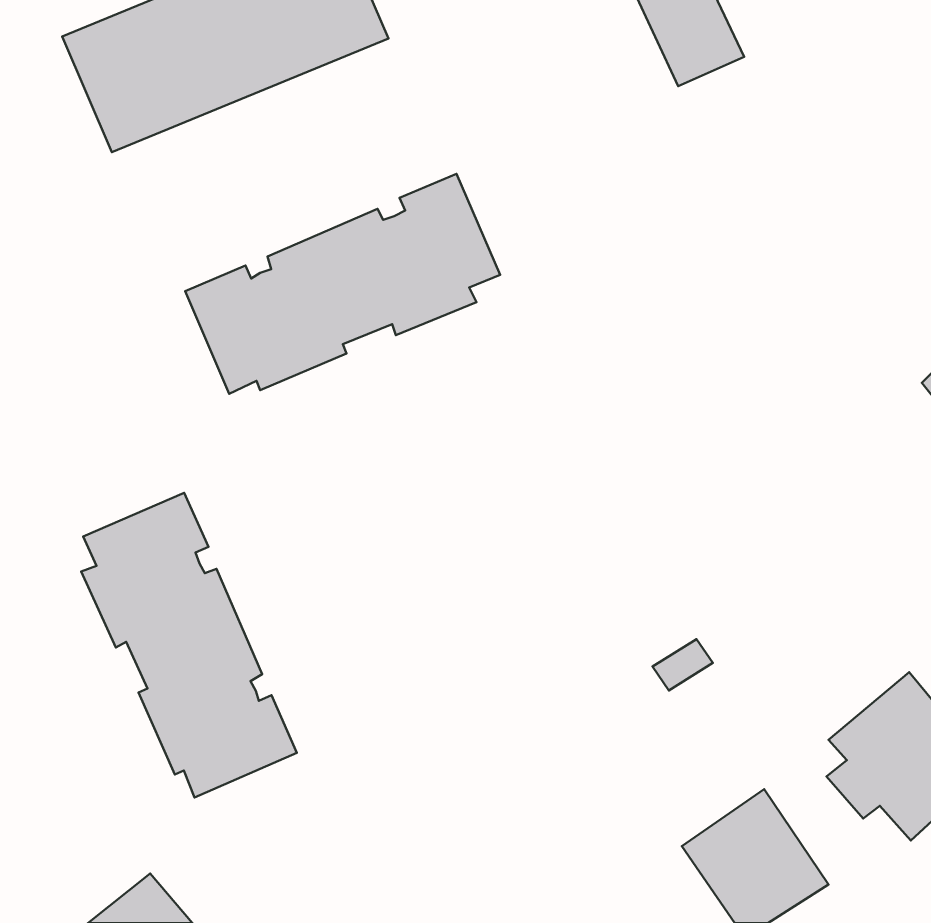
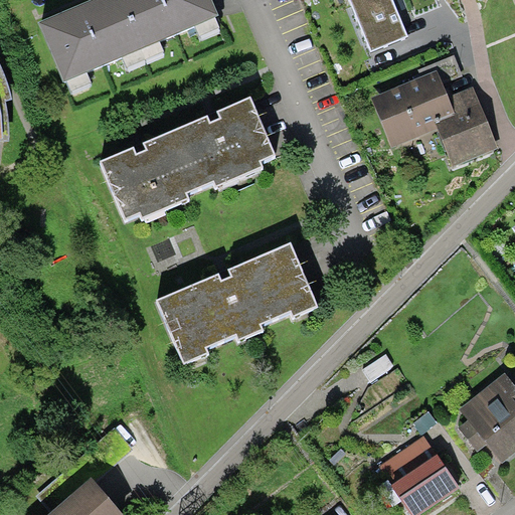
building: none -> [368,50,497,168]
building: none -> [151,242,318,367]
building: [81,493,297,797] -> none

